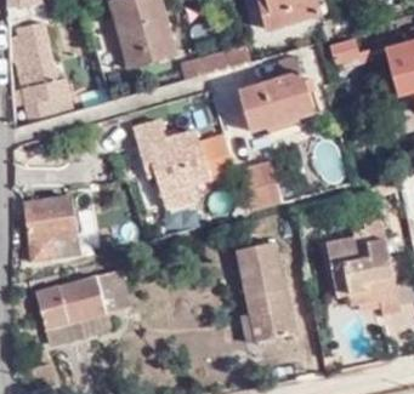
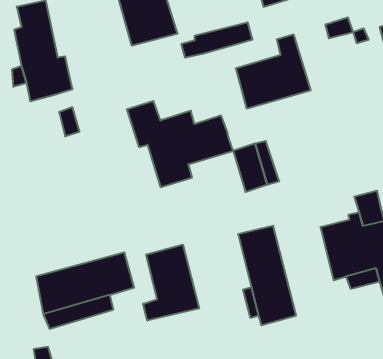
building: [23,196,79,261] -> none
building: none -> [143,245,199,321]

